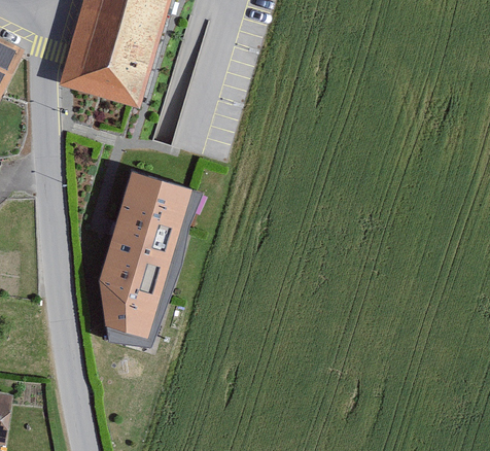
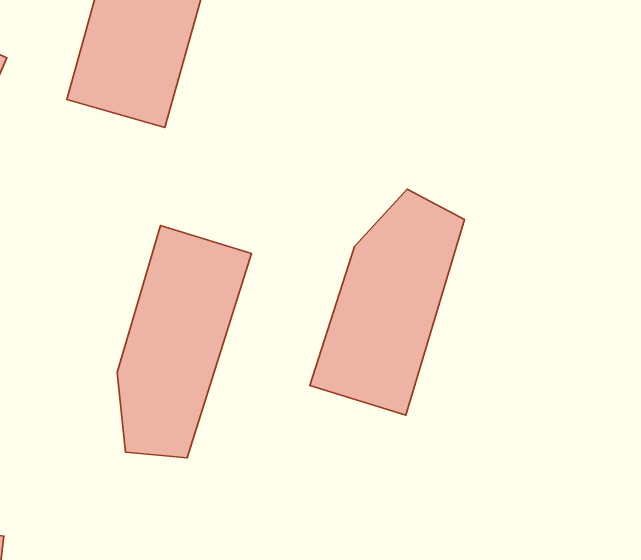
building: none -> [310,189,465,415]

